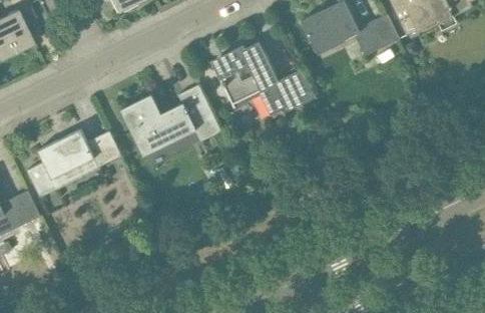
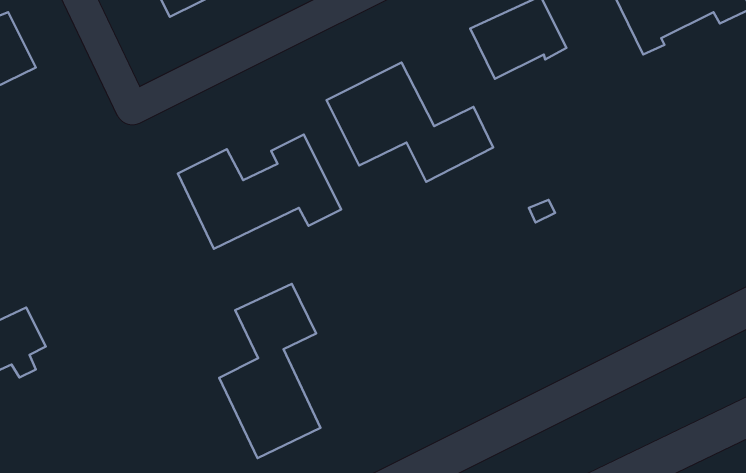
building: [364,14,400,51] -> none
building: [27,129,122,198] -> none
building: none -> [219,284,320,458]

